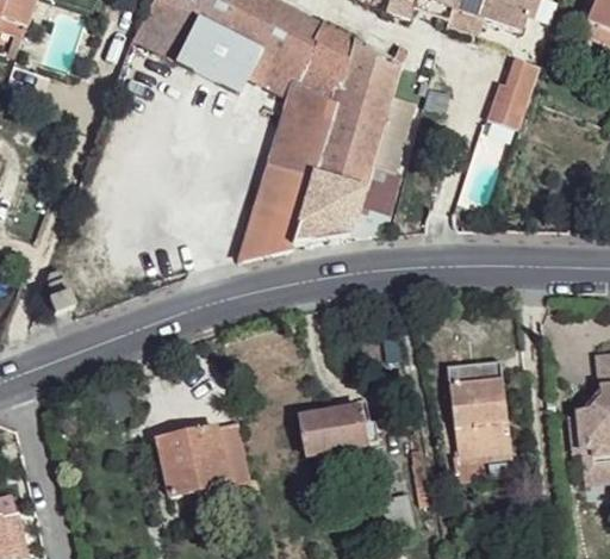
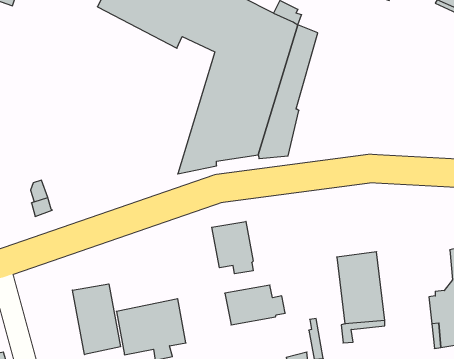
building: [486,56,539,128] -> none
building: none -> [212,221,253,274]
building: none -> [72,284,120,355]

